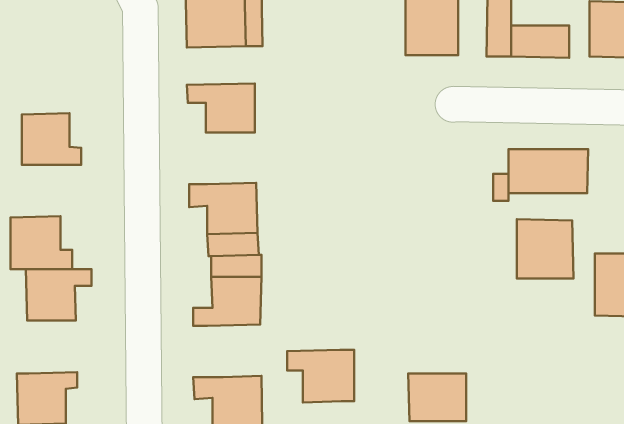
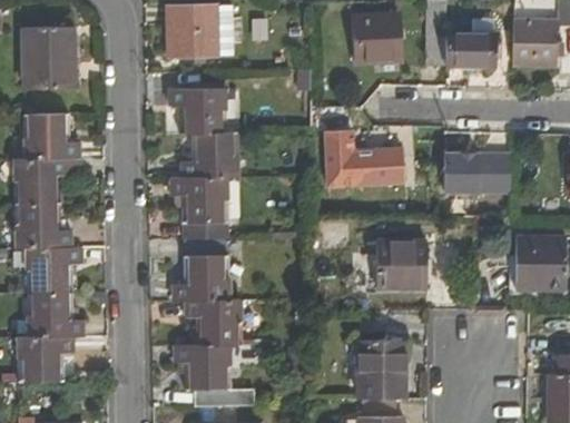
building: none -> [23,28,77,87]
building: none -> [322,128,403,185]
building: none -> [183,130,240,175]
building: none -> [12,158,75,204]
building: [517,219,574,279] -> [377,238,426,289]
building: none -> [28,293,83,338]
building: [287,350,354,403] -> [184,296,242,342]

